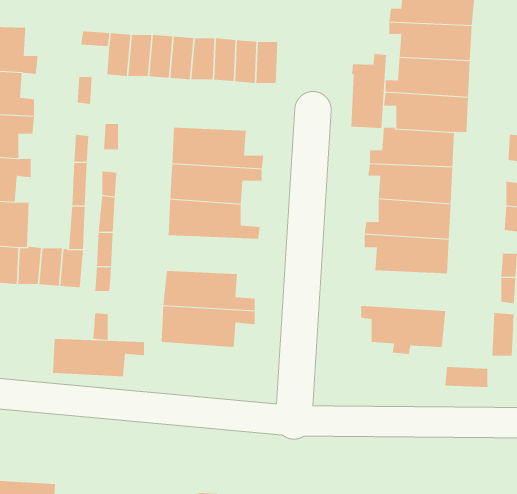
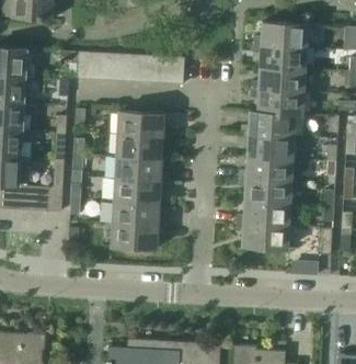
building: [351,53,386,129] -> none
building: none -> [236,201,290,226]
building: [52,338,145,377] -> [114,179,172,203]

